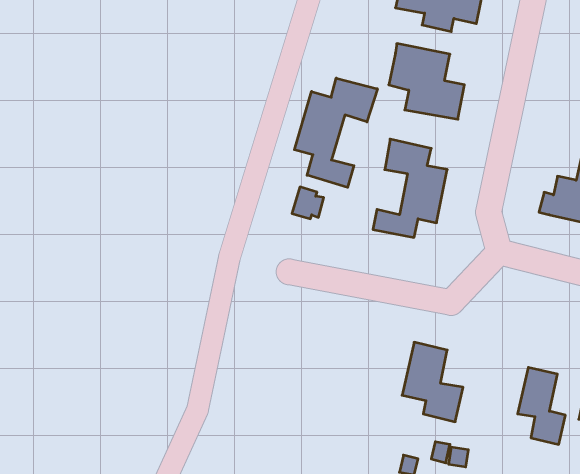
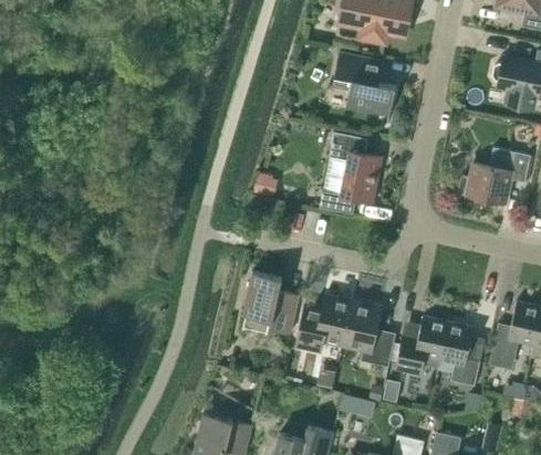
building: [294,78,377,187] -> none
building: none -> [242,272,298,334]
building: none -> [295,295,353,351]
building: none -> [394,316,448,374]

